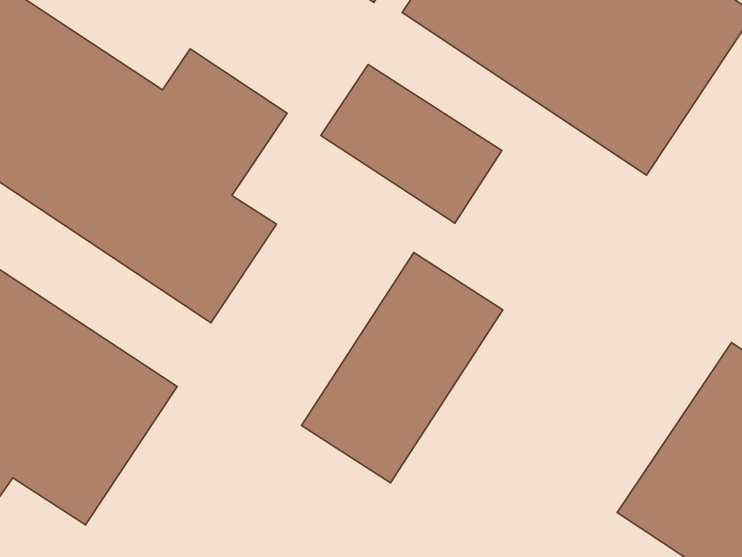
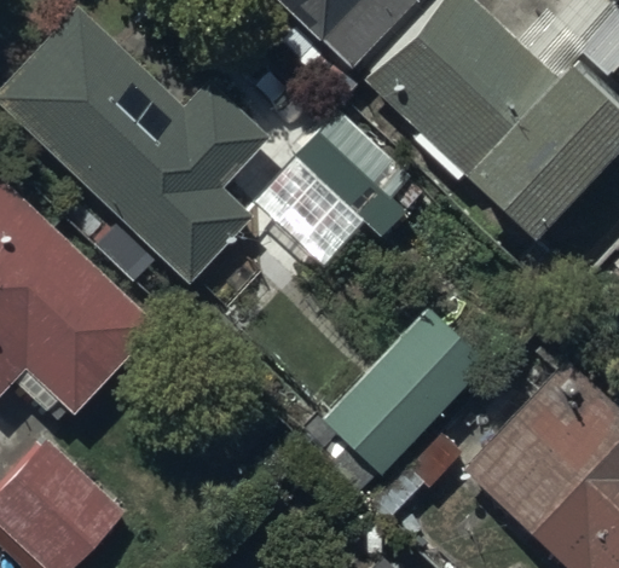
building: [301,252,503,483] -> [323,309,485,475]

